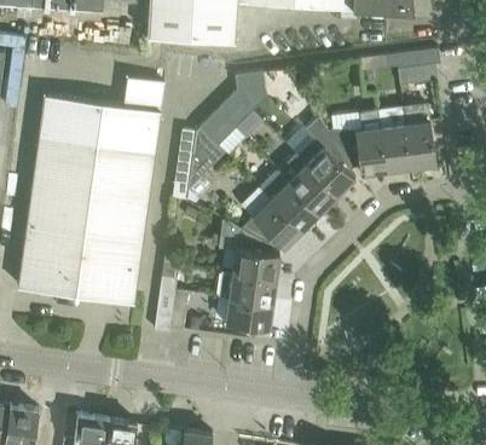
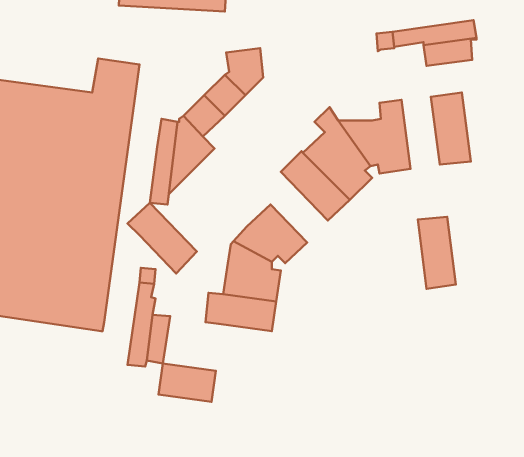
building: [380,111,411,171] -> [418,217,456,289]
building: [262,173,319,231] -> [128,203,197,274]
building: [226,297,273,329] -> [159,363,216,402]

